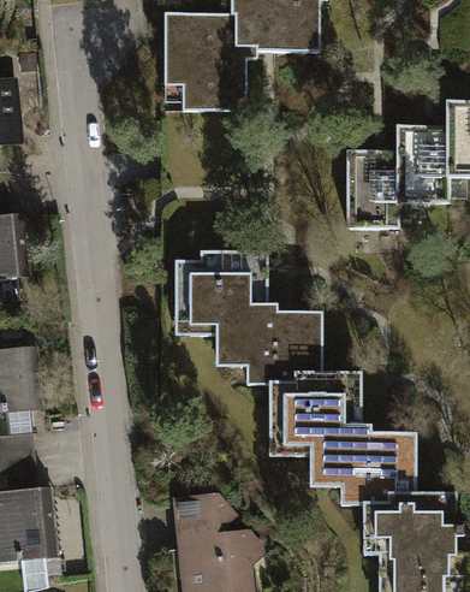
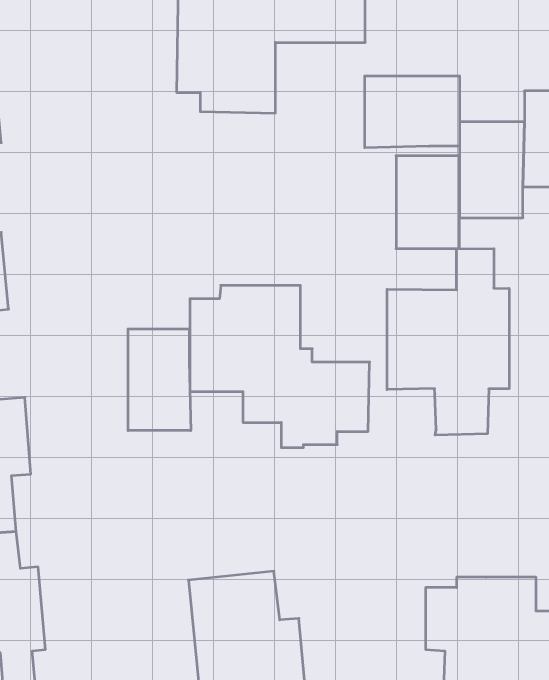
building: none -> [365,76,460,148]
building: none -> [387,249,509,435]
building: none -> [128,329,191,431]
building: [267,375,416,508] -> none

